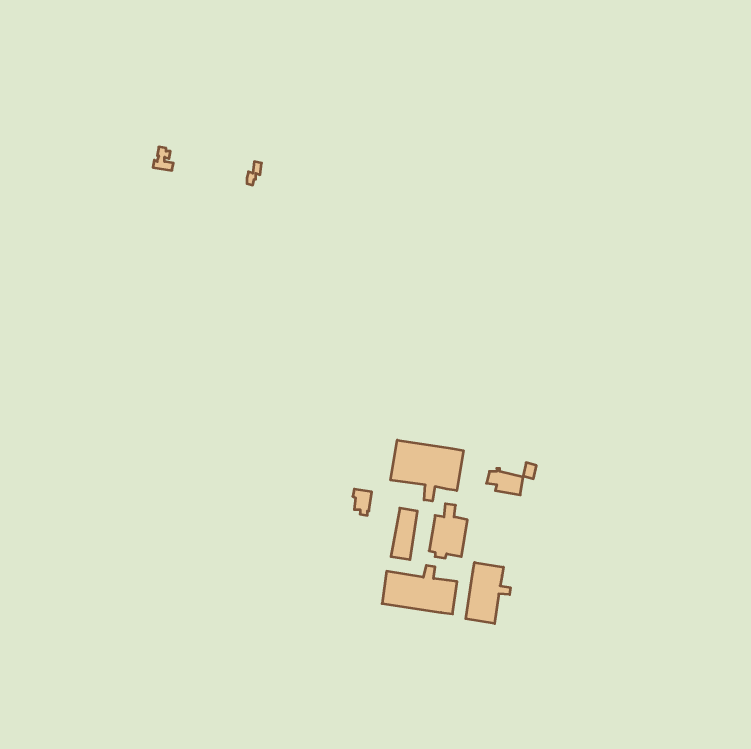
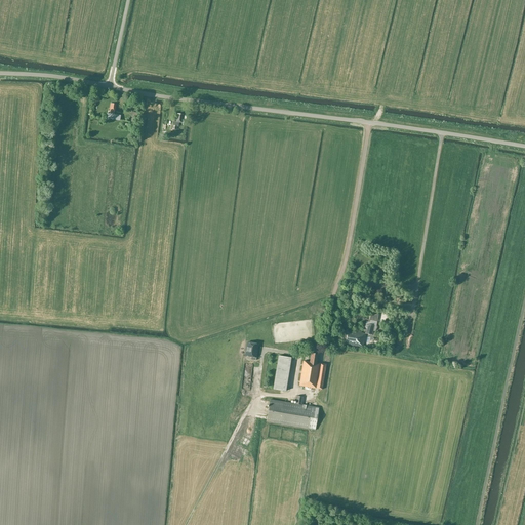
building: [391,440,463,501] -> none
building: [466,562,510,624] -> none

